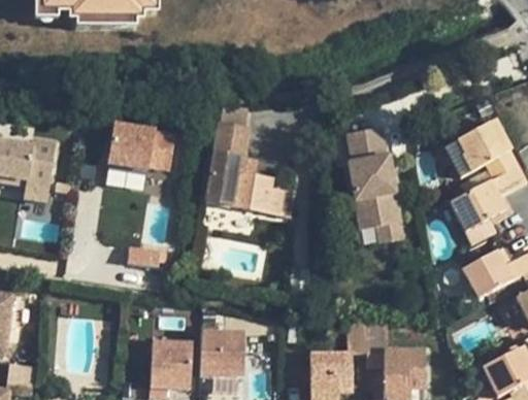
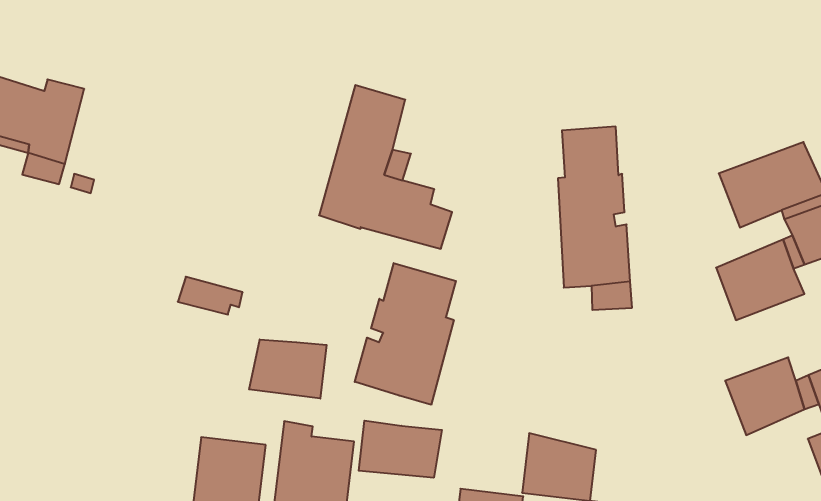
building: [109,125,176,170] -> none
building: none -> [355,263,456,405]
building: none -> [249,339,327,399]
building: none -> [359,421,442,478]

